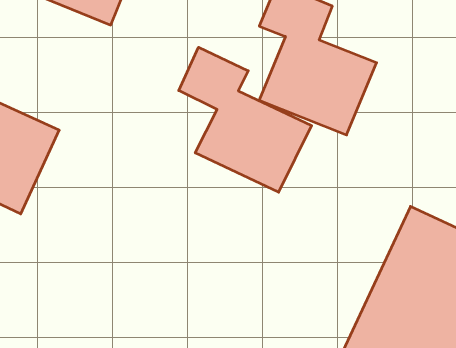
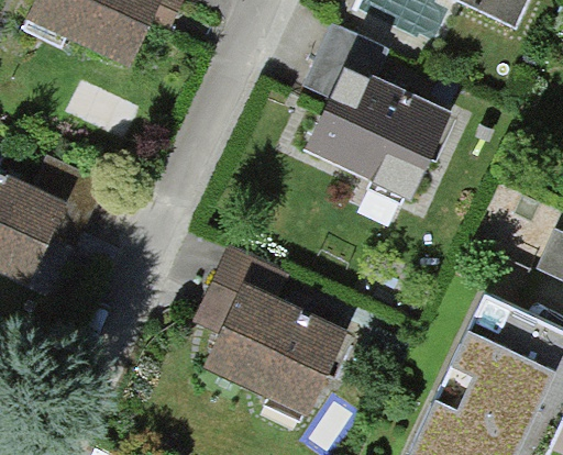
building: [179,47,312,192] -> none
building: none -> [203,244,344,420]

